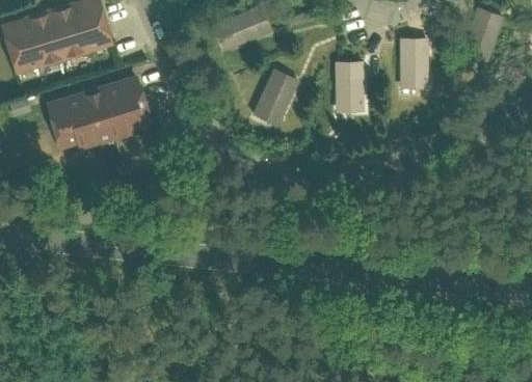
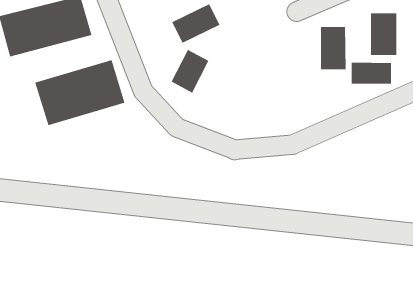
building: [335,61,368,113] -> none
building: [252,73,300,128] -> [171,49,210,94]
building: none -> [351,62,392,85]

